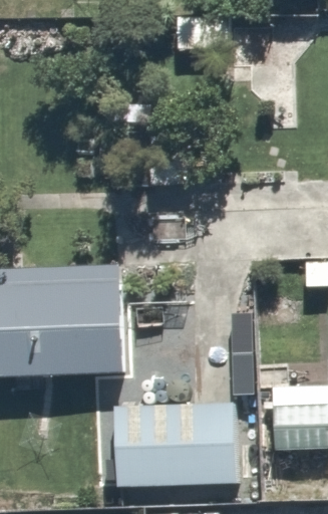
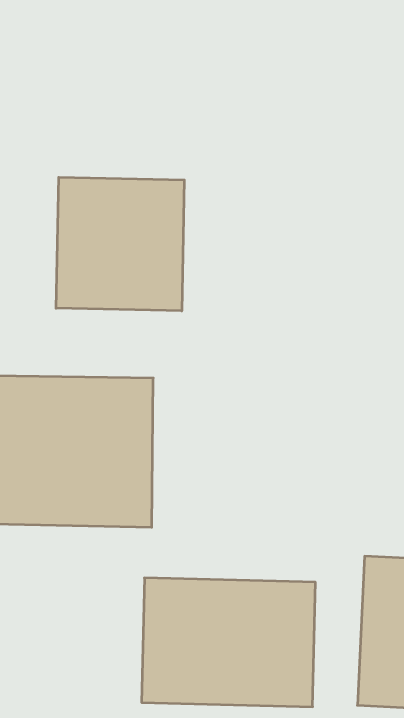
building: none -> [56,177,184,311]

